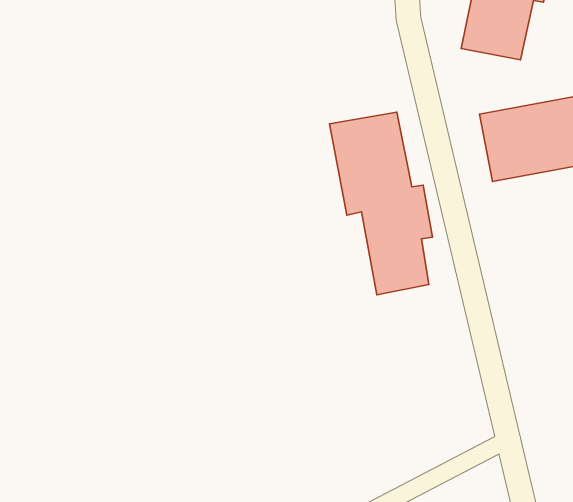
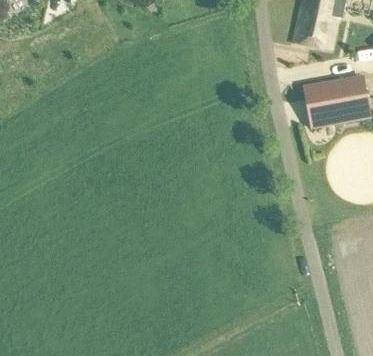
building: [330,112,433,295] -> none

